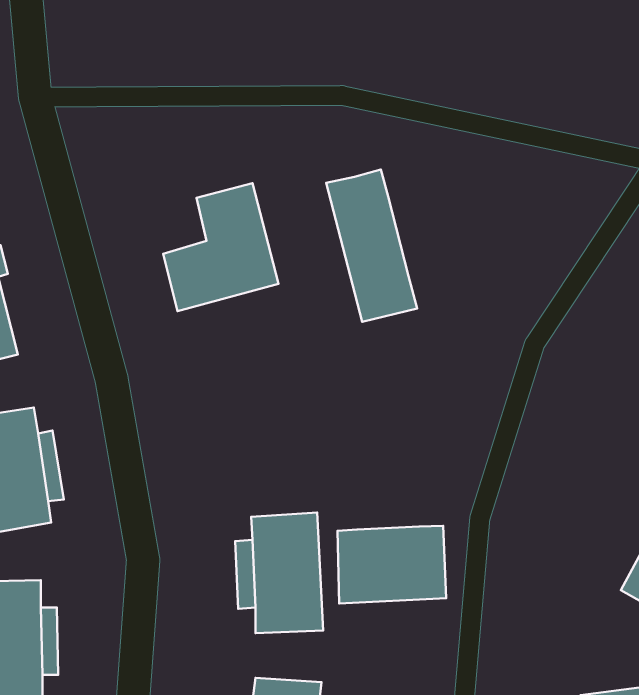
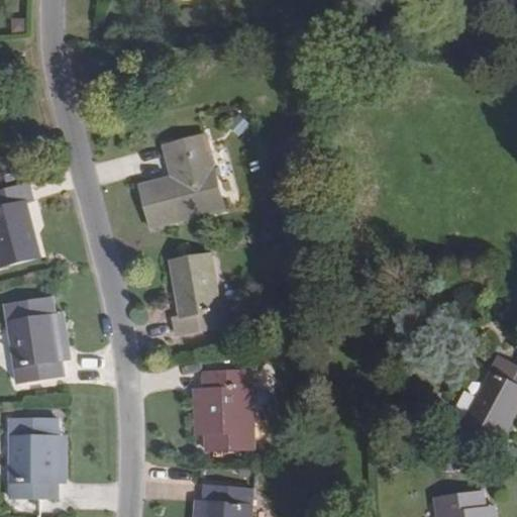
building: [326,169,417,322] -> none
building: none -> [169,253,222,338]
building: [337,526,446,604] -> none

